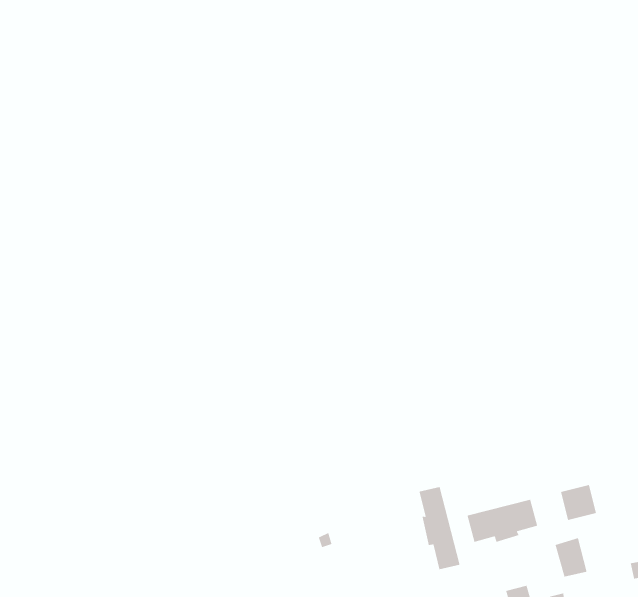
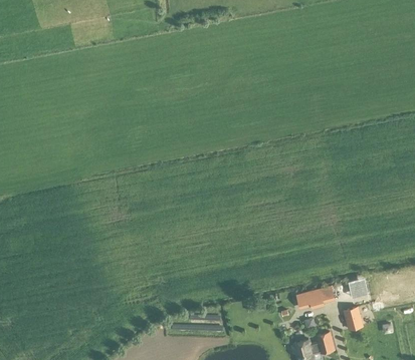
building: [419,486,460,570] -> none

